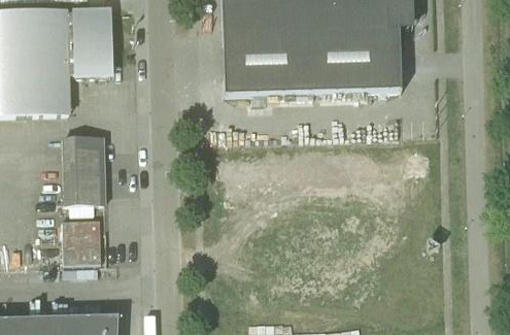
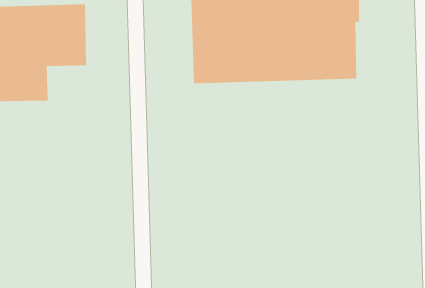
building: [62,136,105,203] -> none
building: [62,215,104,261] -> none

